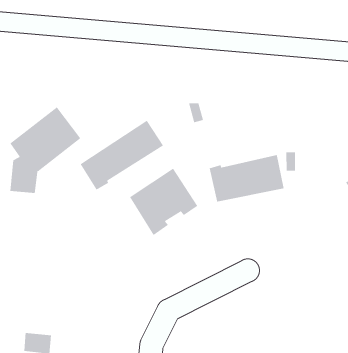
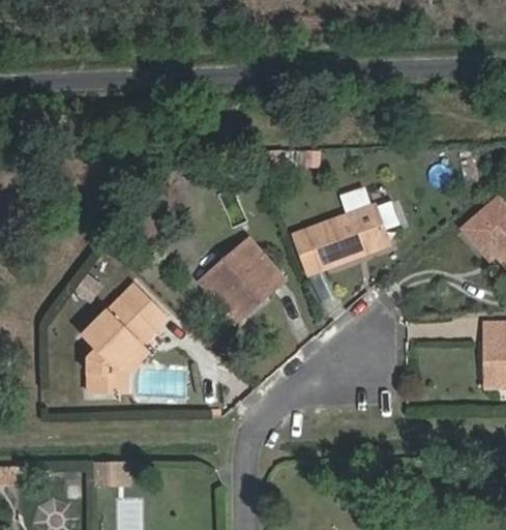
building: [9,106,81,194] -> [82,284,169,394]
building: [80,120,164,190] -> none

